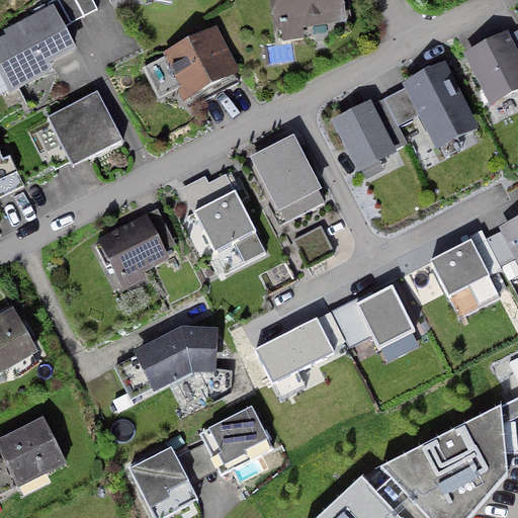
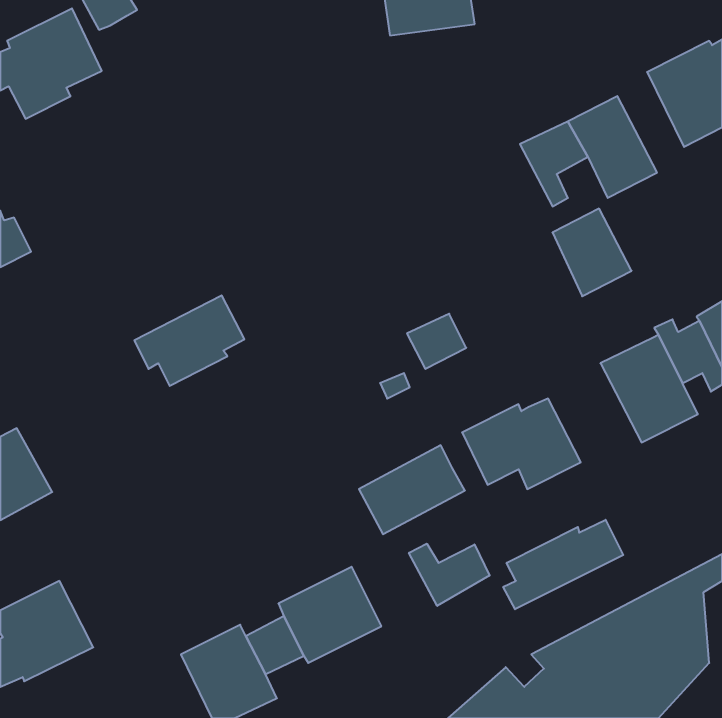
building: [143,24,240,100] -> none
building: [47,90,123,166] -> none
building: [339,103,396,166] -> [552,209,632,296]
building: [249,134,325,221] -> none
building: [181,172,266,272] -> none
building: [140,330,212,385] -> none
building: none -> [503,520,623,609]
building: none -> [409,544,490,606]

